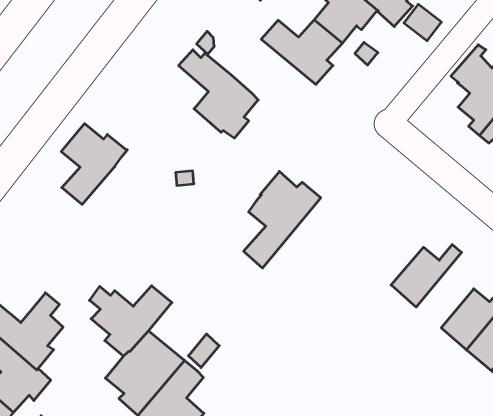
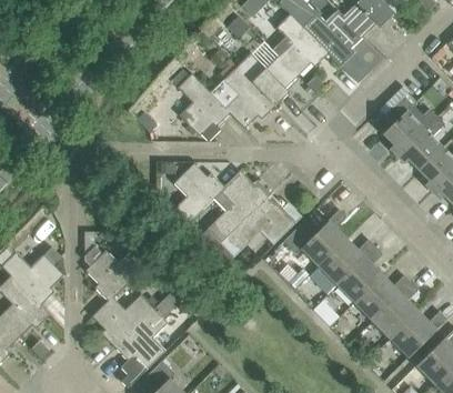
building: none -> [211,67,275,129]
building: [61,124,127,204] -> [172,163,225,225]
building: none -> [212,193,302,265]
building: none -> [283,210,346,265]
building: none -> [336,245,383,302]

